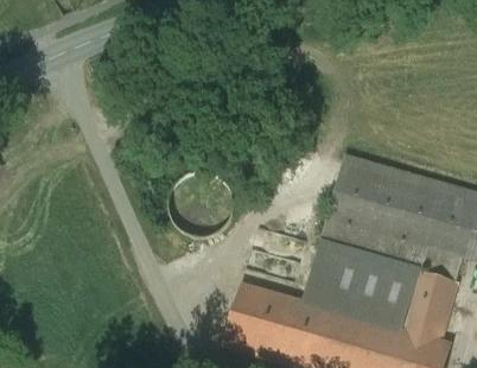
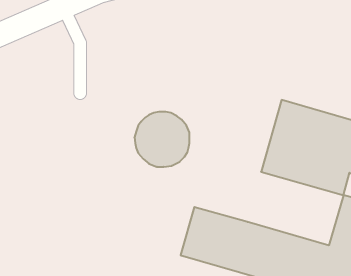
building: [304,241,420,330] -> none

